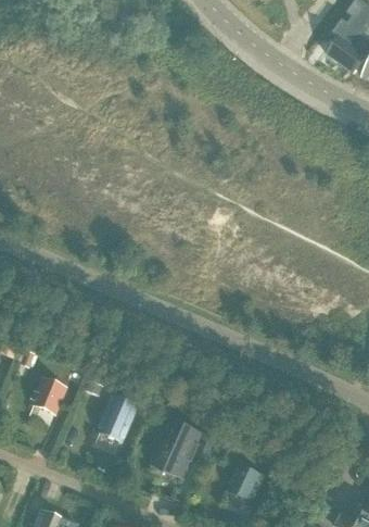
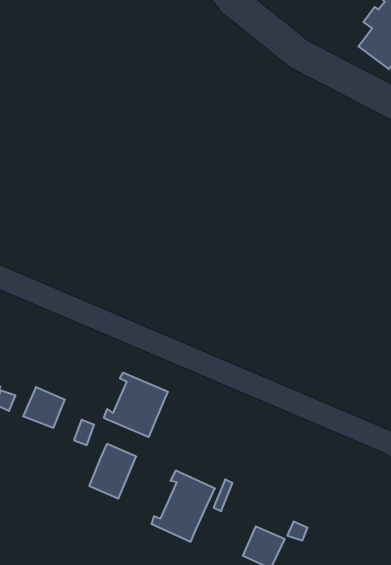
building: none -> [104,373,168,437]
building: [30,378,66,413] -> [23,387,65,428]

